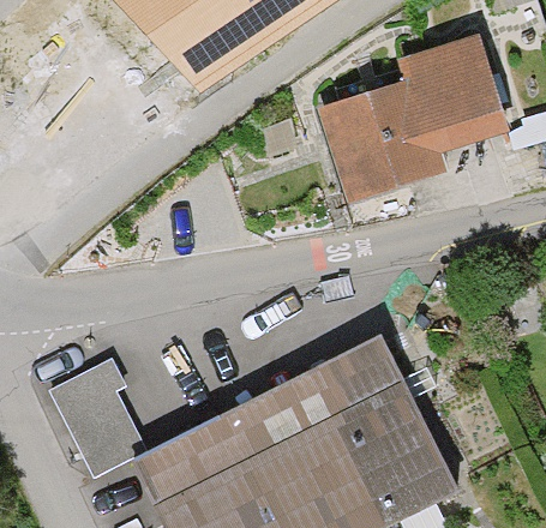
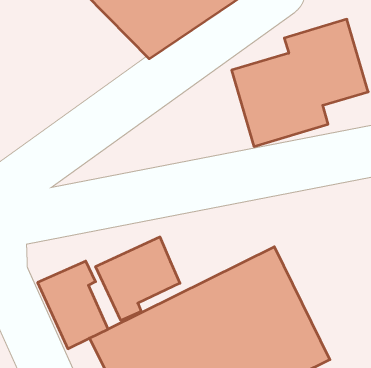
building: none -> [96,237,180,320]

